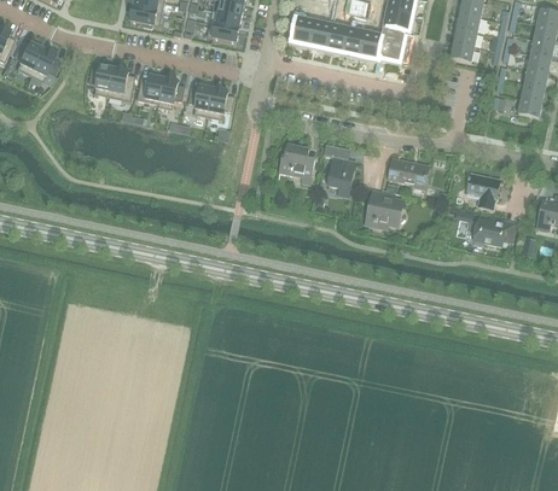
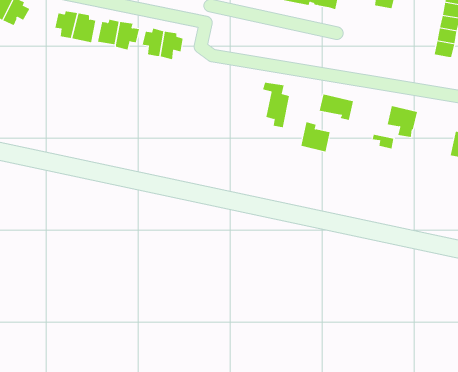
building: [279,142,314,181] -> none
building: [473,217,515,242] -> none

